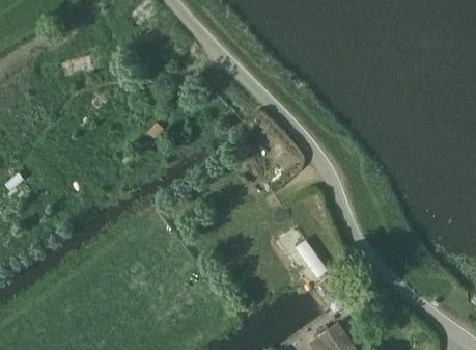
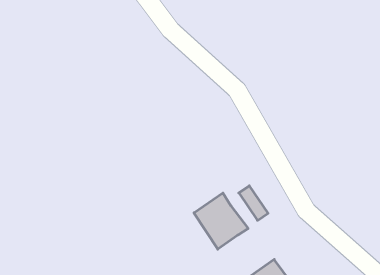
building: none -> [194,193,248,249]

